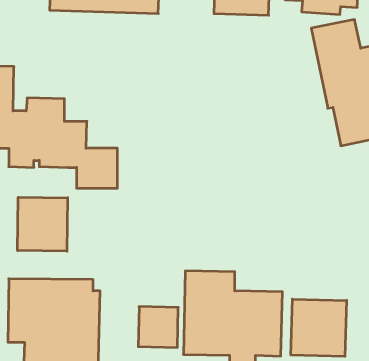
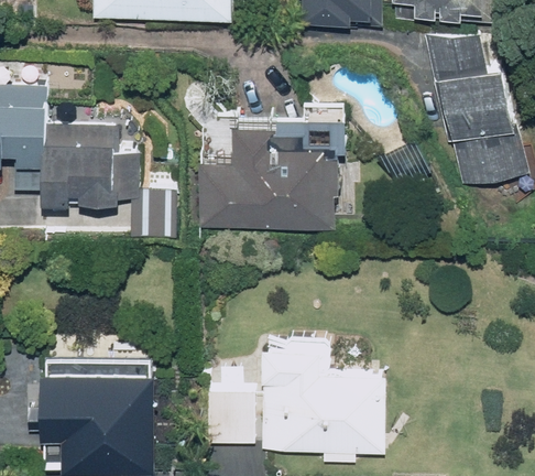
building: none -> [196,120,346,229]
building: [18,197,68,251] -> none
building: [291,299,347,356] -> none

